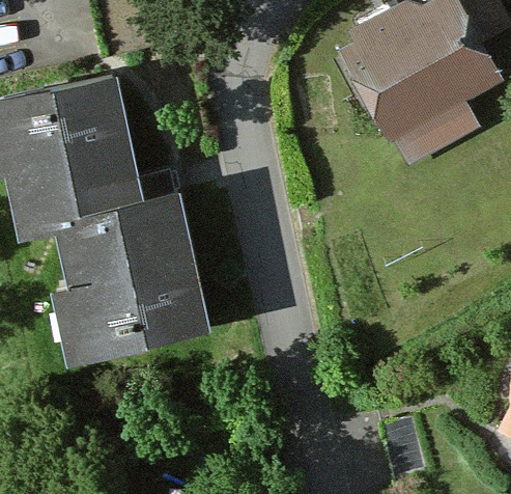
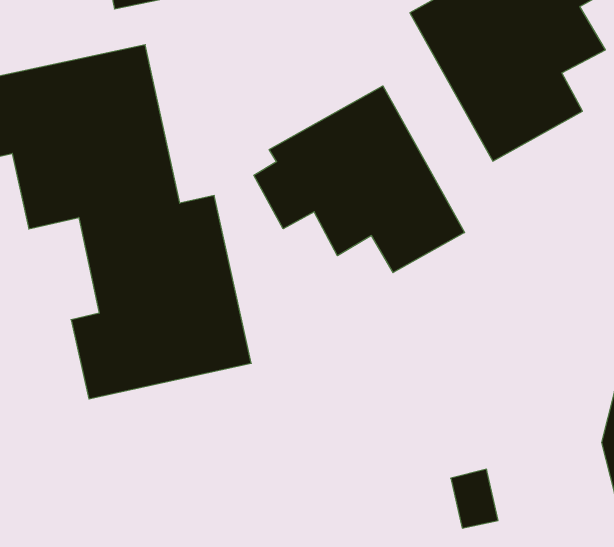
building: none -> [254,86,465,273]

